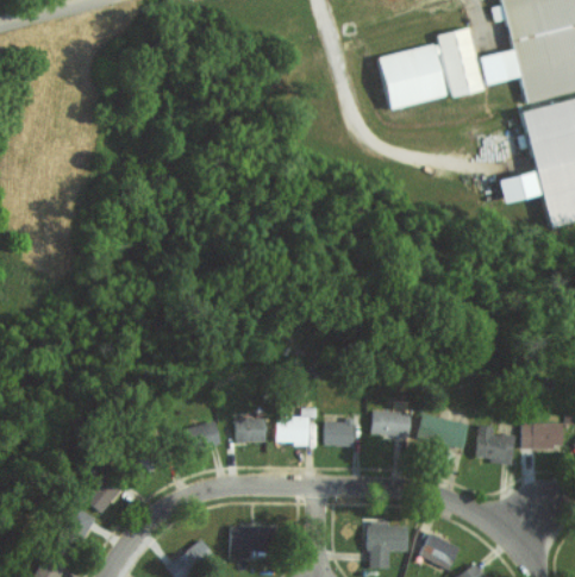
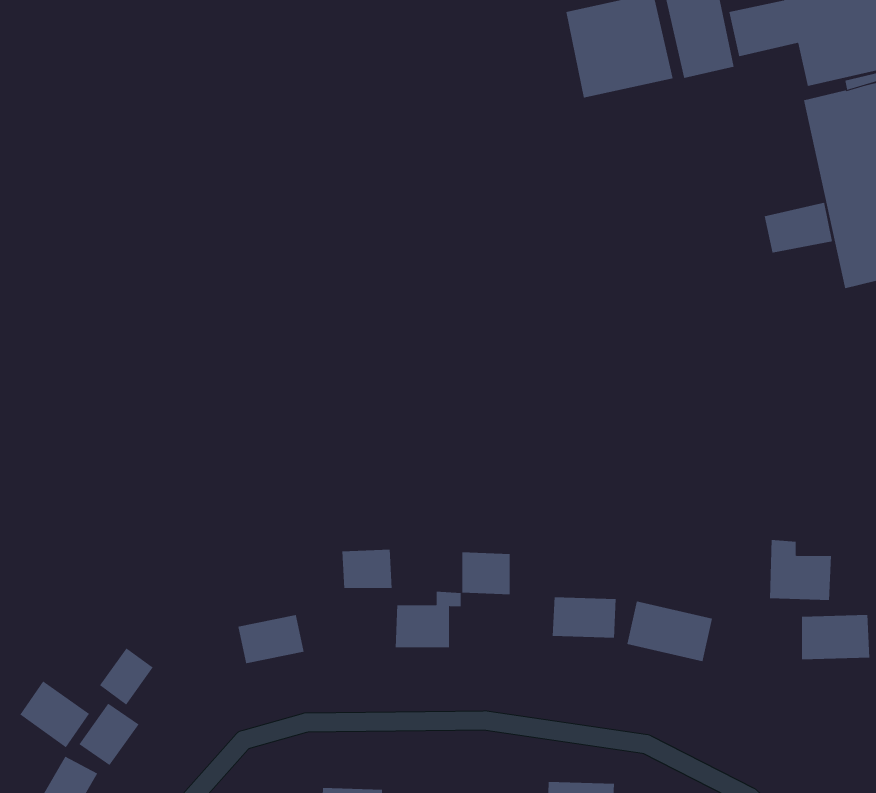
building: [235,418,265,441] -> [341,549,393,589]
building: [324,420,354,446] -> [461,552,511,595]
building: [476,425,514,462] -> [769,540,832,601]
building: none -> [99,647,154,705]
building: none -> [19,680,90,748]

